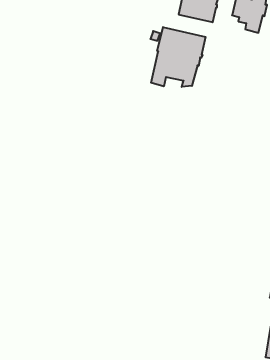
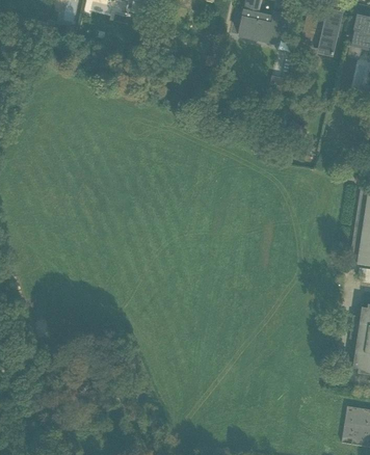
building: [151,27,206,87] -> none

